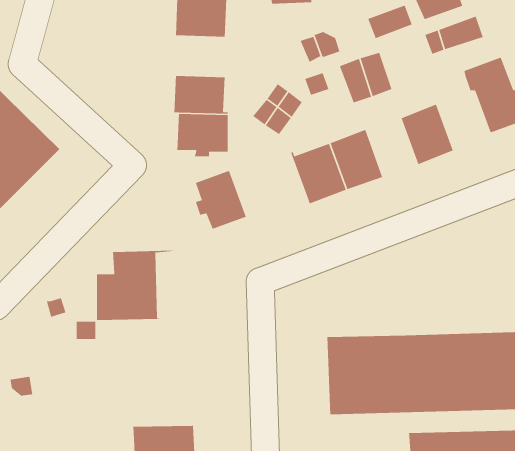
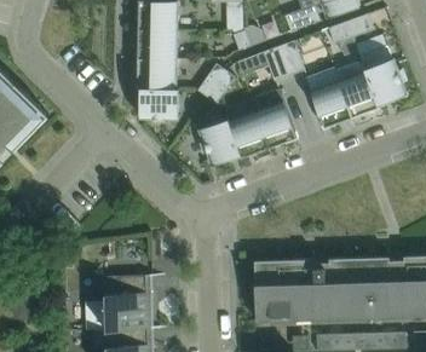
building: none -> [137,29,175,60]
building: none -> [334,60,380,117]
building: [195,170,247,230] -> [198,119,238,165]
building: [96,250,175,321] -> [104,275,165,329]

